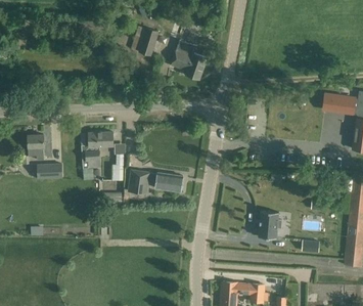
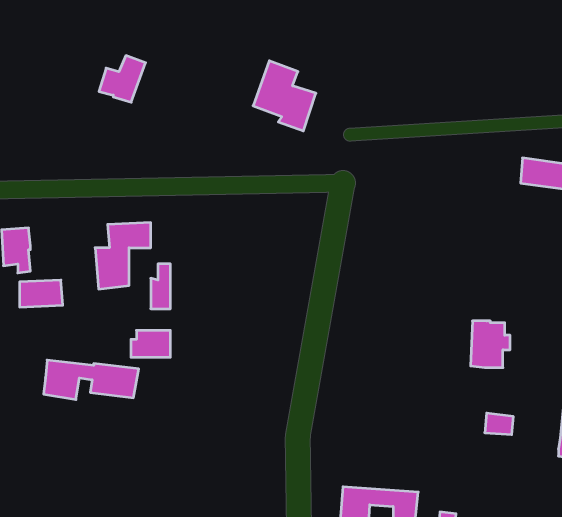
building: [132,28,158,54] -> [99,56,146,102]
building: [129,170,183,192] -> [44,360,139,400]
building: [259,210,281,236] -> [471,321,510,368]

